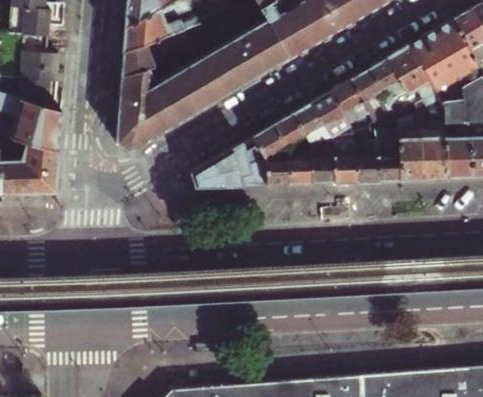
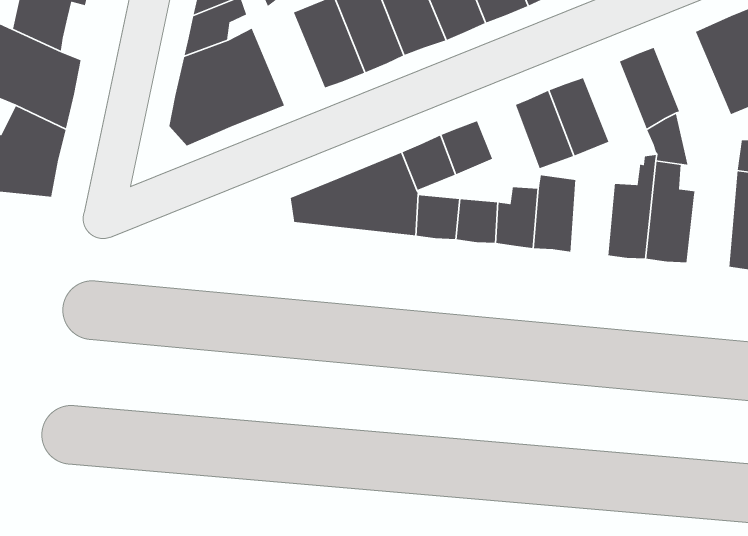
building: [387,46,441,107] -> none
building: [156,67,202,121] -> none
building: [349,69,389,123] -> none
building: [292,102,332,146] -> none
building: [421,122,447,179] -> none
building: [353,139,377,182] -> none

